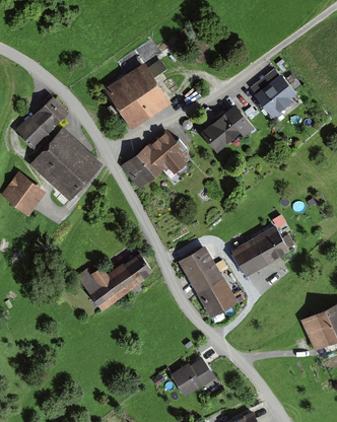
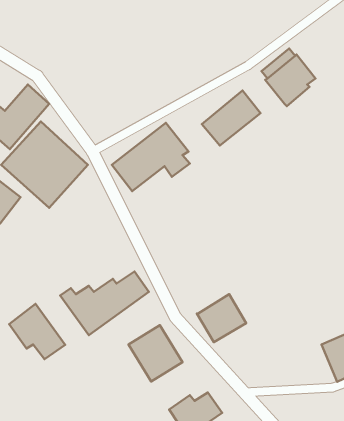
building: [106,63,173,130] -> none
building: [230,223,288,274] -> none
building: [177,244,222,292] -> [129,325,183,382]
building: none -> [9,304,65,359]

